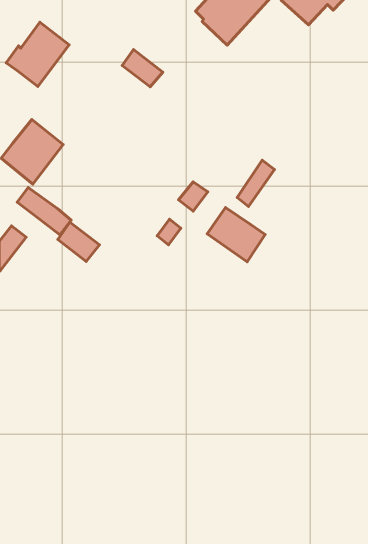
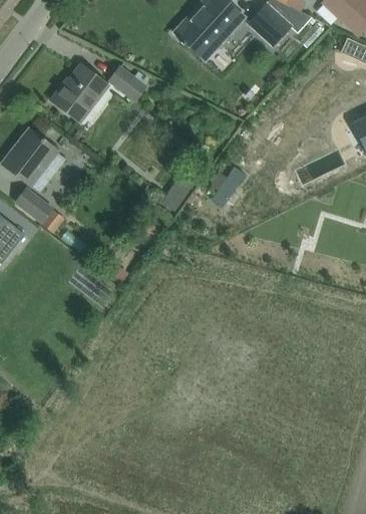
building: [6,22,69,87] -> [51,64,107,121]
building: [207,207,265,262] -> none
building: [58,222,99,261] -> none

